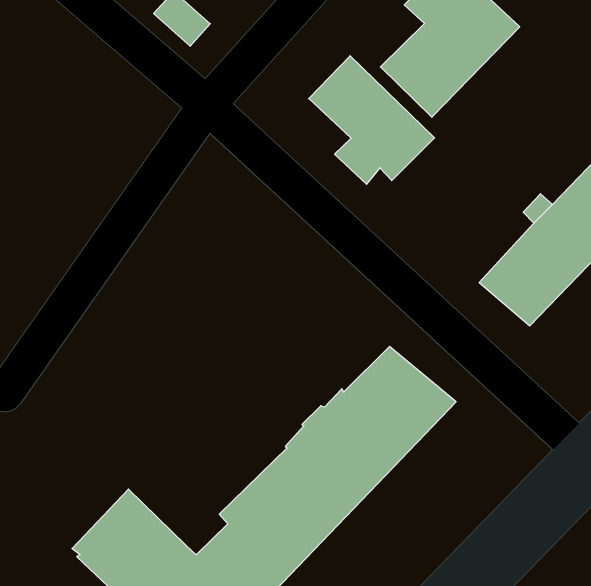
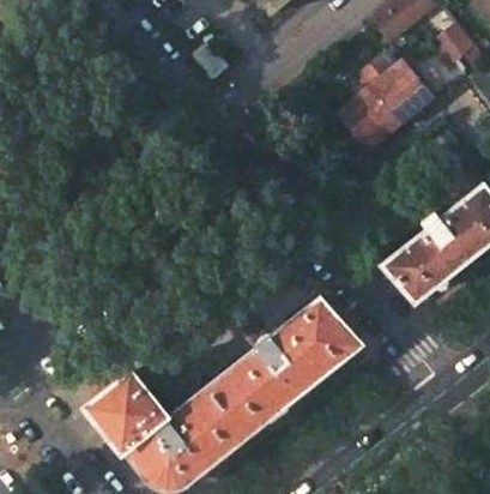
building: [309,56,435,184] -> none

